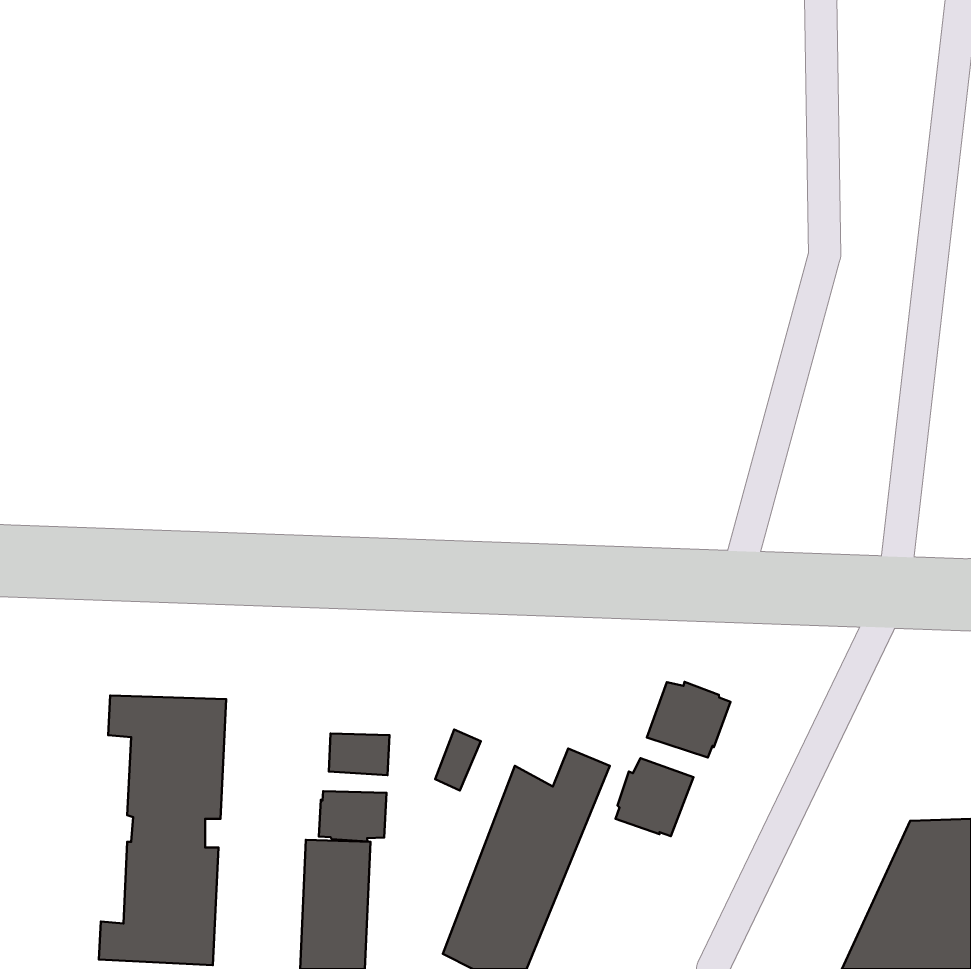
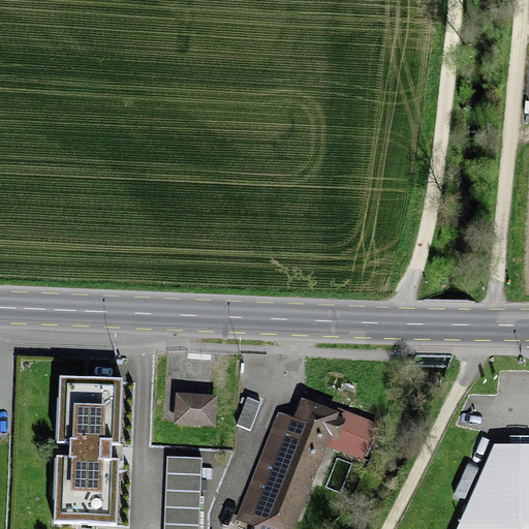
building: [647,682,730,758] -> none
building: [319,791,386,842] -> none

